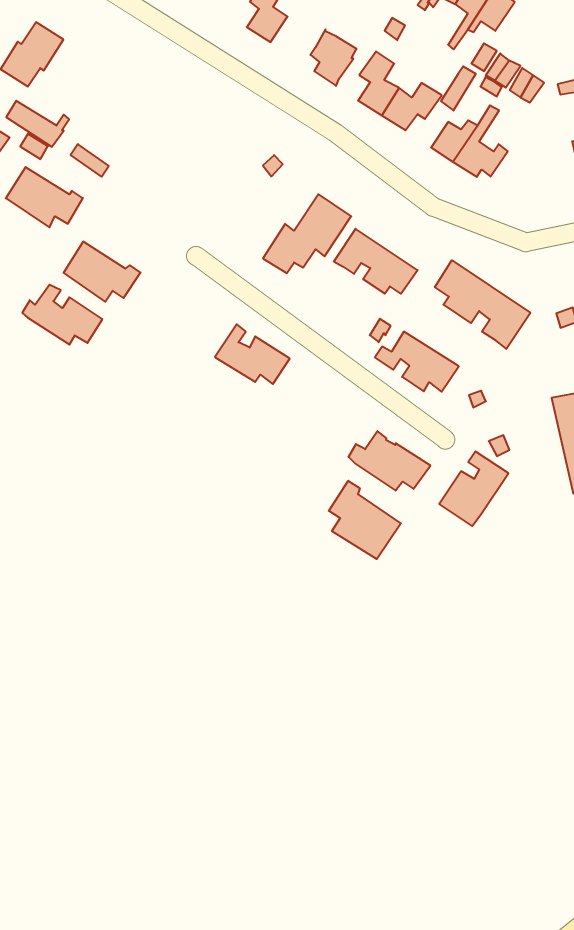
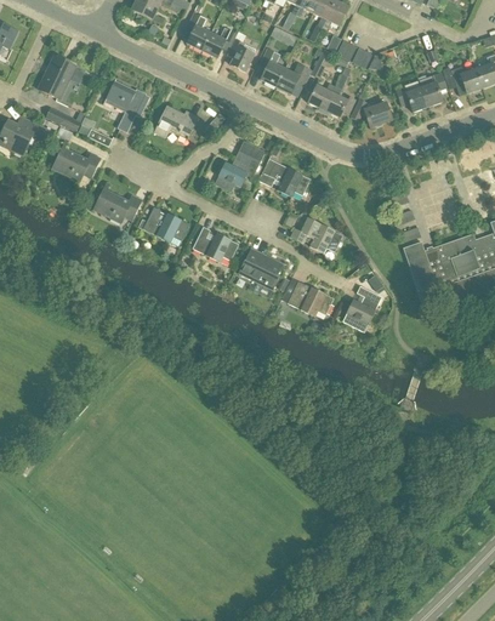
building: none -> [203,27,238,57]
building: none -> [106,79,150,131]
building: none -> [155,106,199,136]
building: none -> [352,98,393,126]
building: [435,260,530,349] -> none
building: [22,285,102,345] -> [140,206,189,241]
building: none -> [239,246,284,289]
building: [329,481,401,559] -> none

